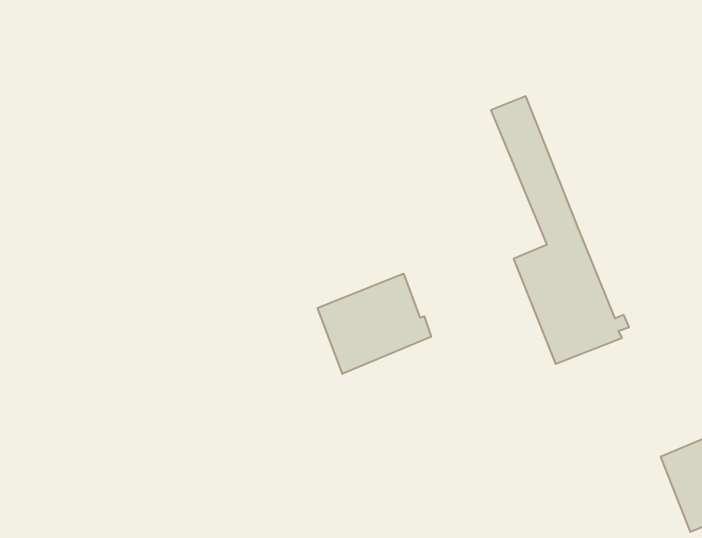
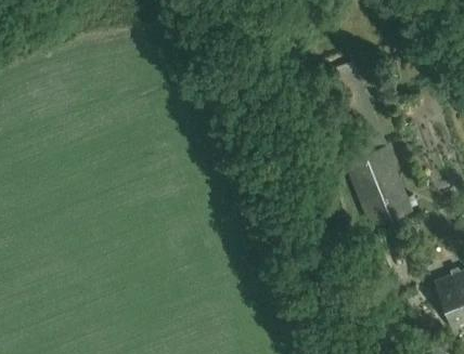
building: [318,274,431,374] -> none

